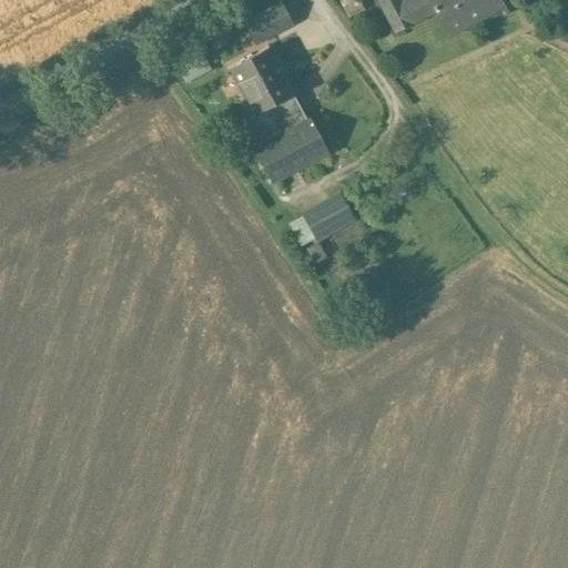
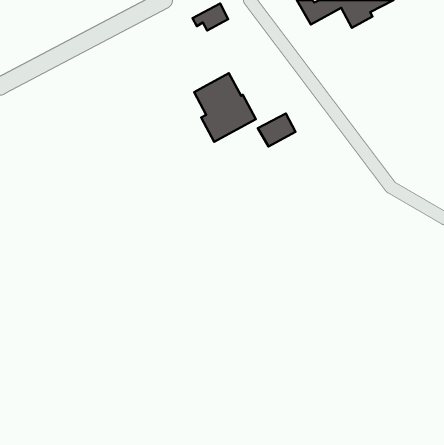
building: [233,49,294,113] -> none
building: [305,195,353,237] -> [258,114,295,147]

